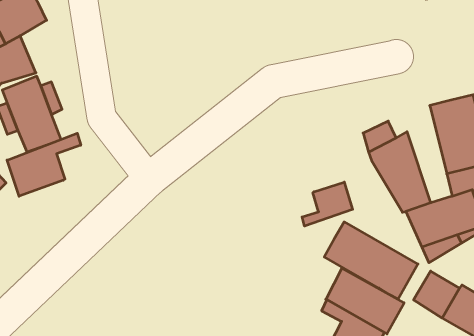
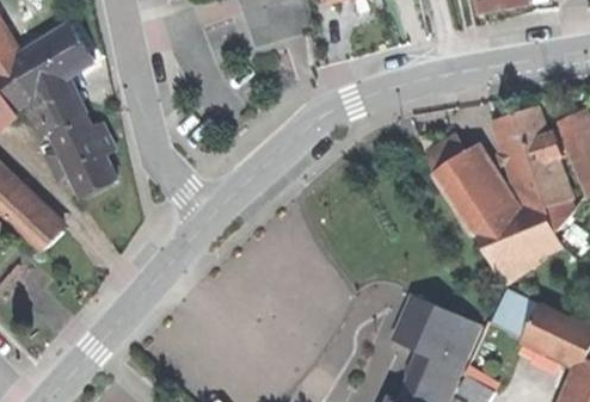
building: [7,133,81,196] -> none
building: [302,182,353,226] -> none
building: [324,222,418,299] -> none

